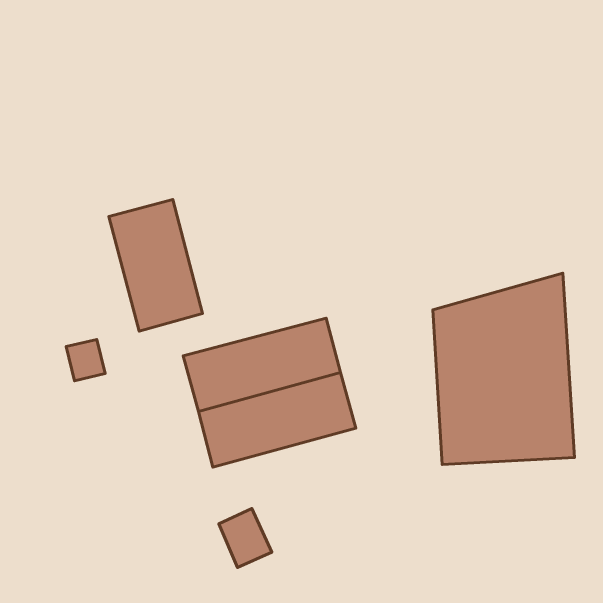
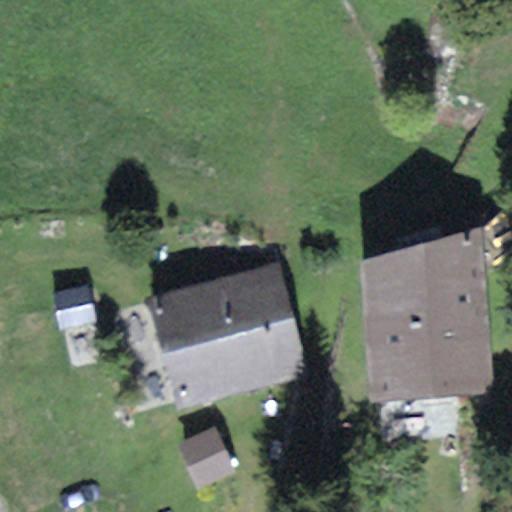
building: [109,200,203,331] -> none

